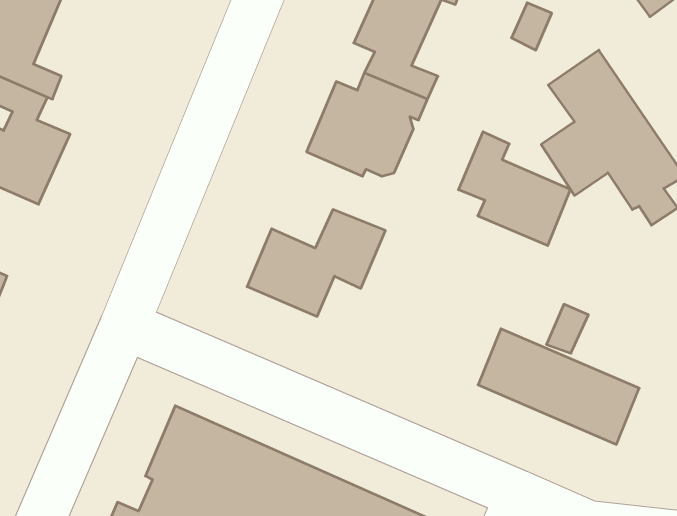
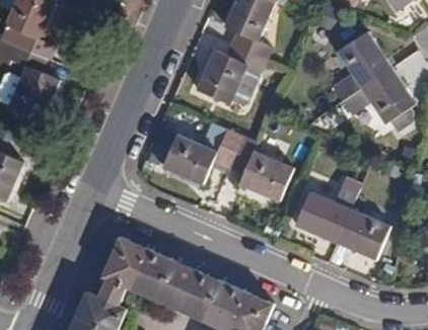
building: [458,132,571,246] -> [228,136,293,201]

